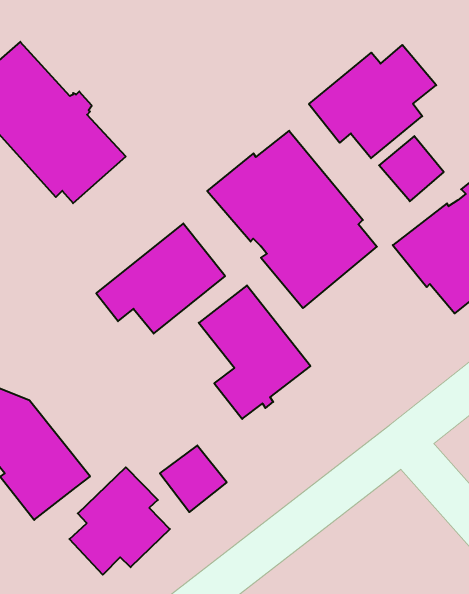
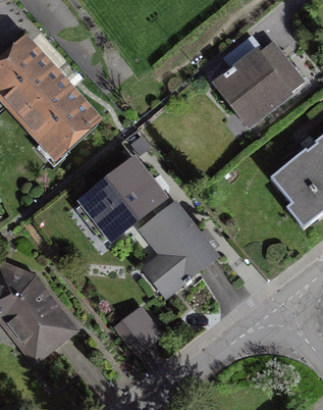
building: [207,131,377,308] -> none
building: [379,136,444,201] -> none
building: [69,467,170,575] -> none

